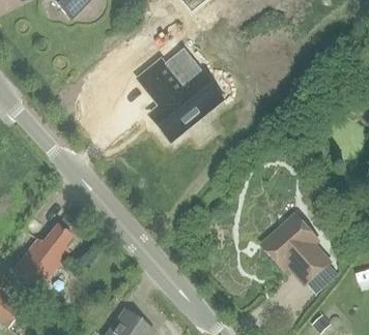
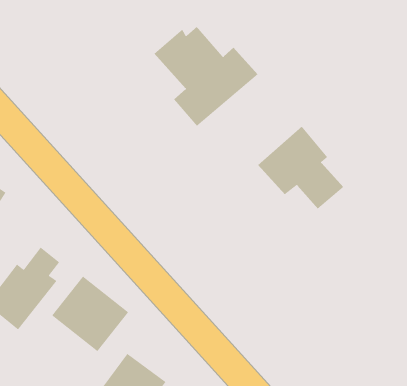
building: [262,212,331,278] -> [257,126,344,210]
building: none -> [51,276,129,352]

